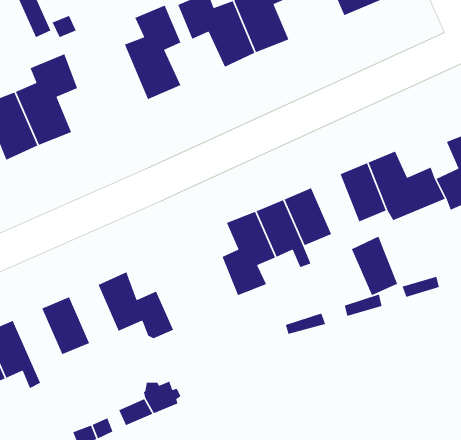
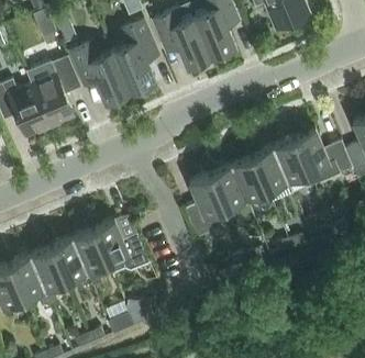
building: none -> [69,41,130,102]
building: [351,236,398,296] -> [252,146,287,191]
building: none -> [71,228,108,284]
building: none -> [30,246,69,302]

